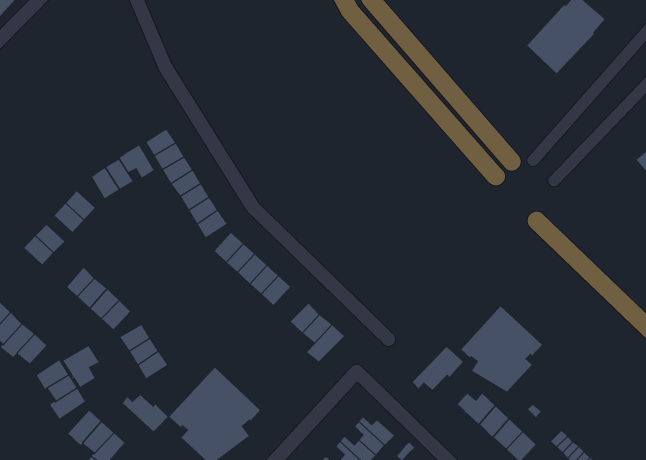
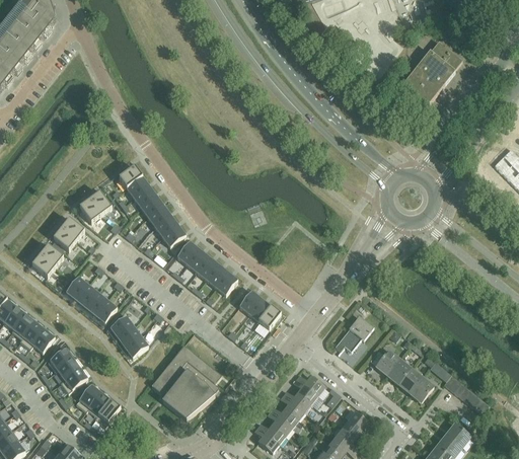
building: [119,143,154,179] -> none
building: [460,306,543,393] -> none
building: [61,345,99,388] -> none
building: [122,394,169,432] -> none

